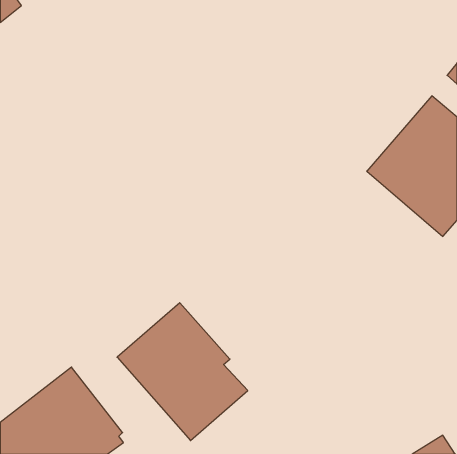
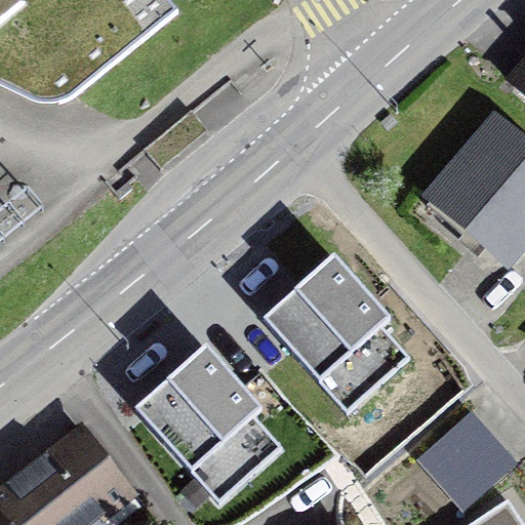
building: none -> [264,256,411,414]
building: none -> [415,409,517,510]

